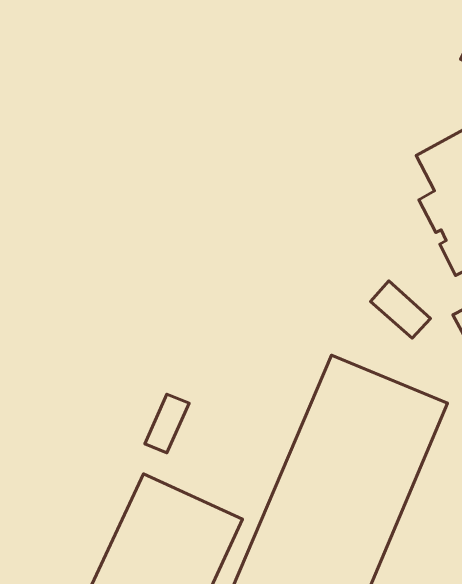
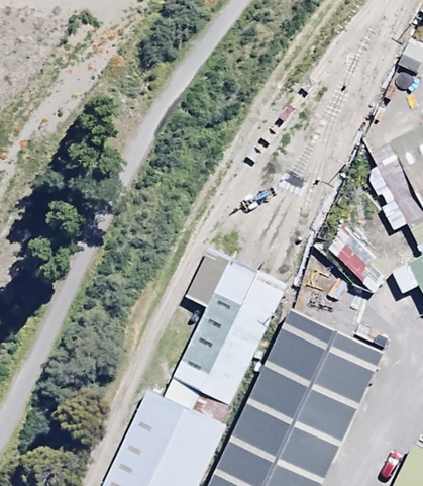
building: none -> [175,247,281,404]

